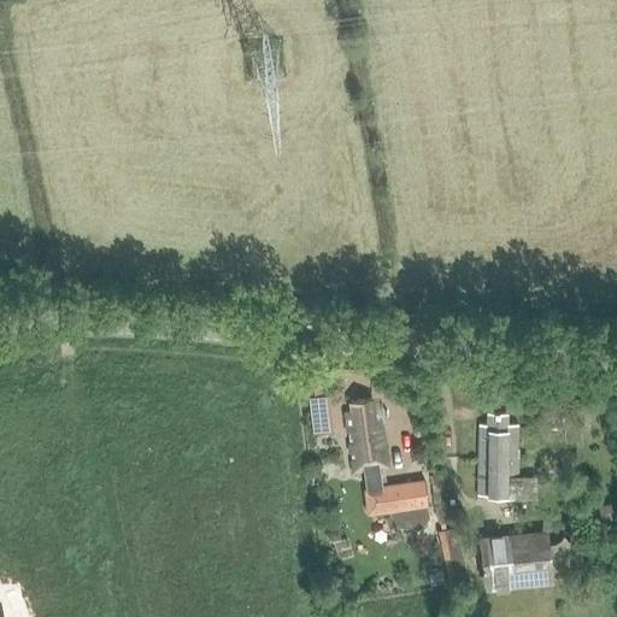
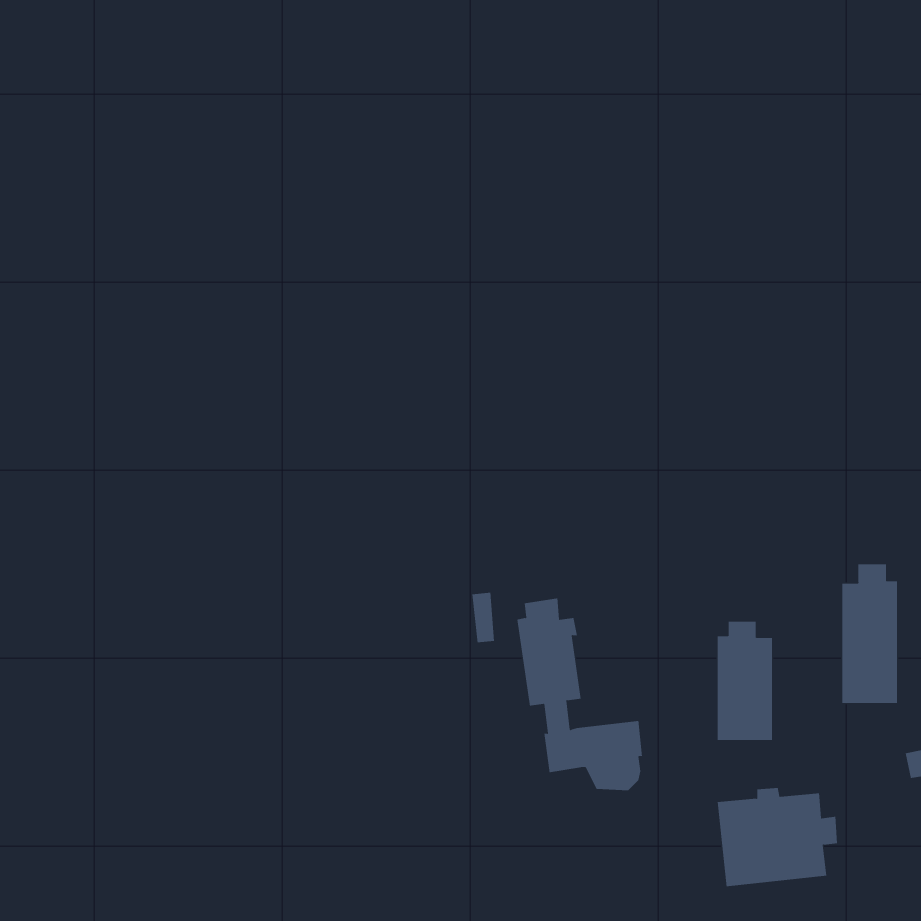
building: none -> [842,564,897,704]

